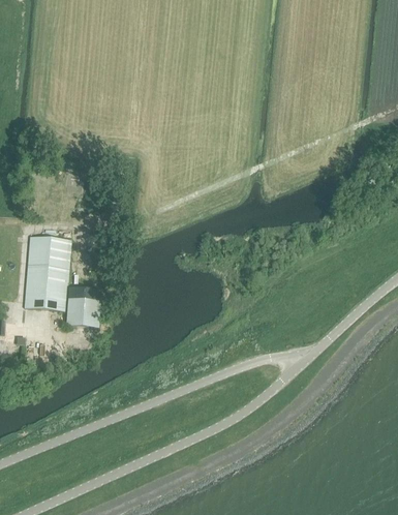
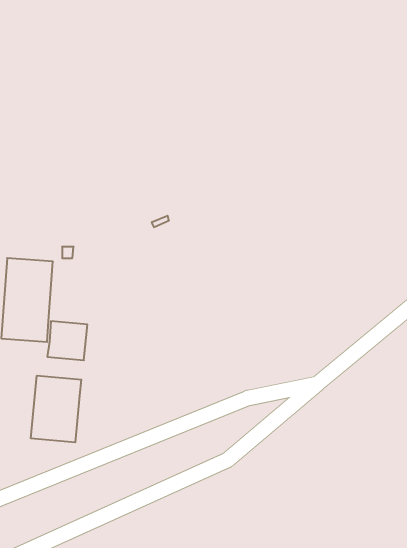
building: none -> [31,376,81,442]

